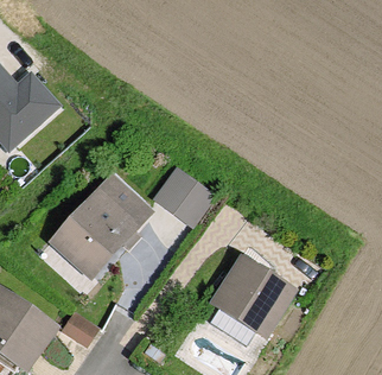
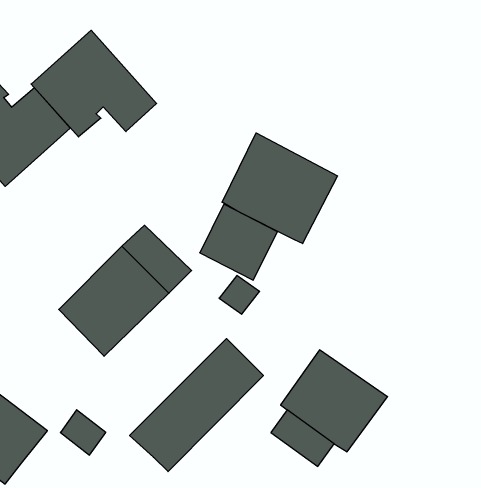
building: none -> [31,30,157,137]
building: none -> [222,133,338,244]
building: none -> [130,339,263,472]

